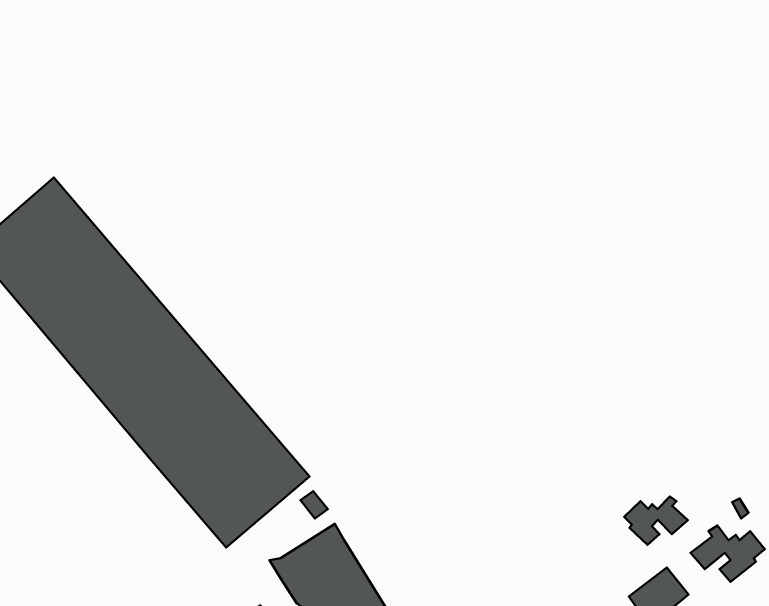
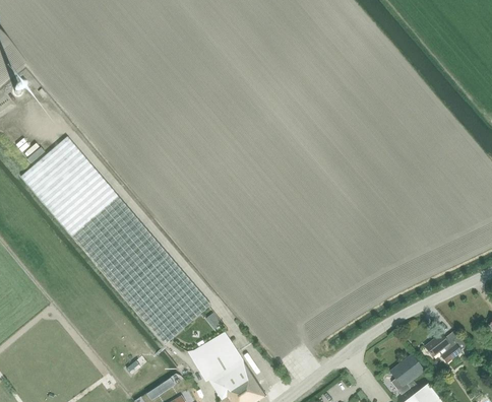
building: [624,497,688,545] -> none

